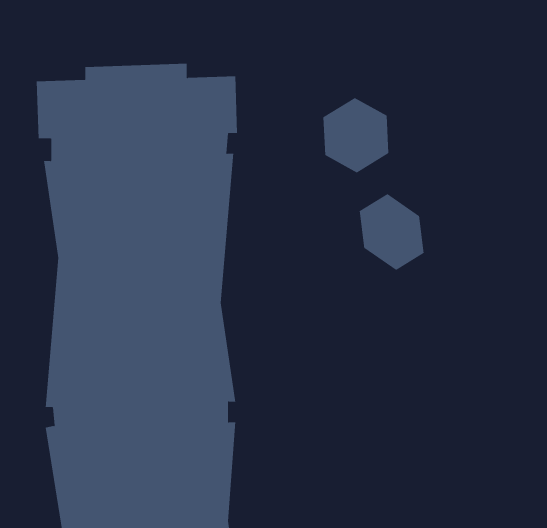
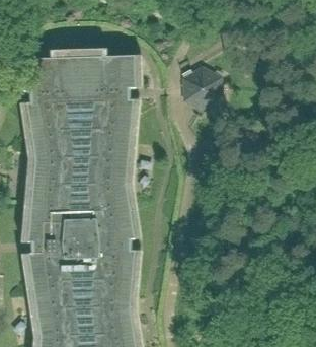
building: [359,193,424,271] -> none

